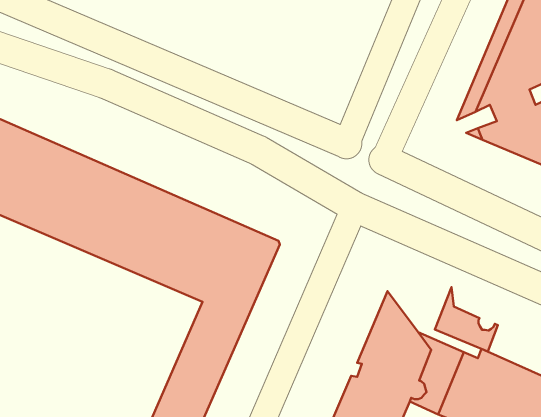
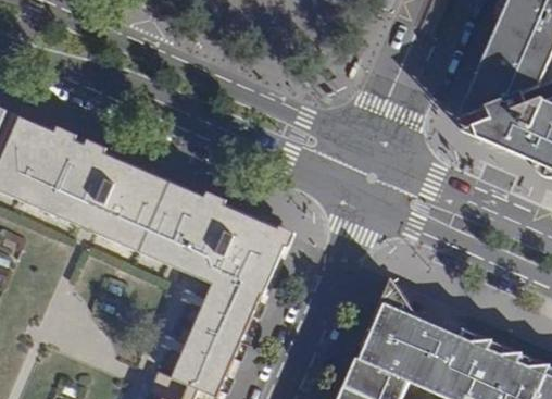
building: [435,287,498,351] -> none

